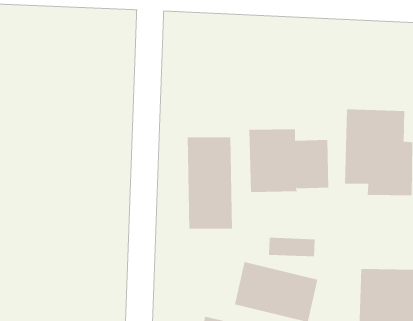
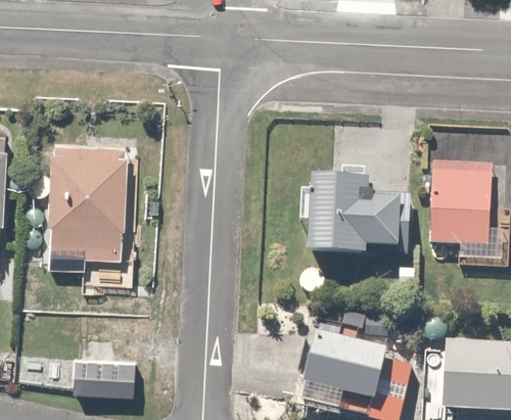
building: none -> [46,139,129,271]
building: [187,137,233,230] -> none
building: none -> [78,363,134,393]

